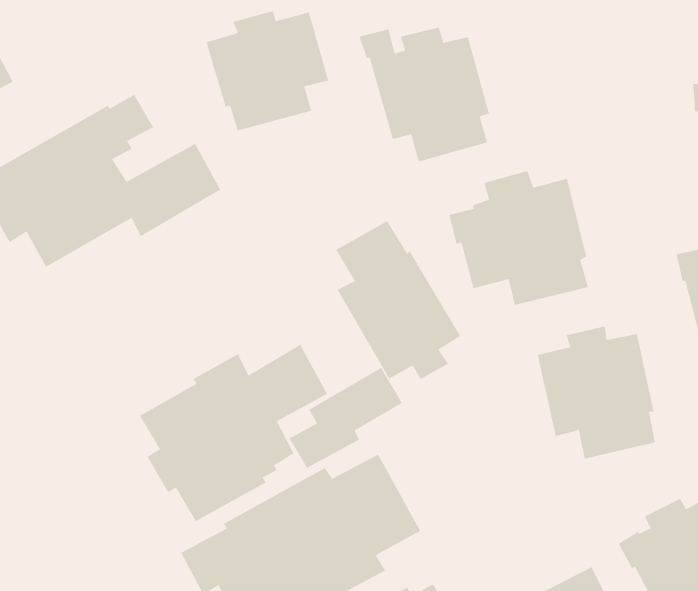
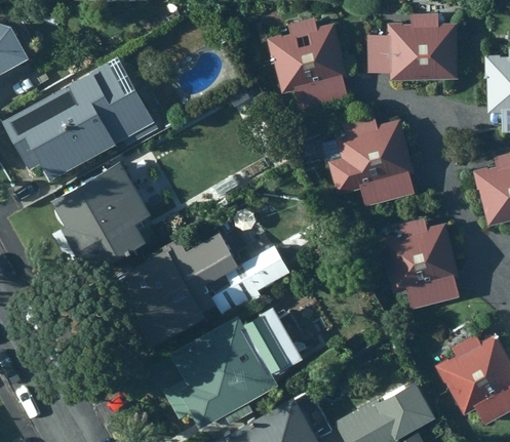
building: [205,10,329,132] -> none
building: none -> [367,13,458,81]
building: [335,220,461,380] -> none
building: none -> [49,160,150,275]

